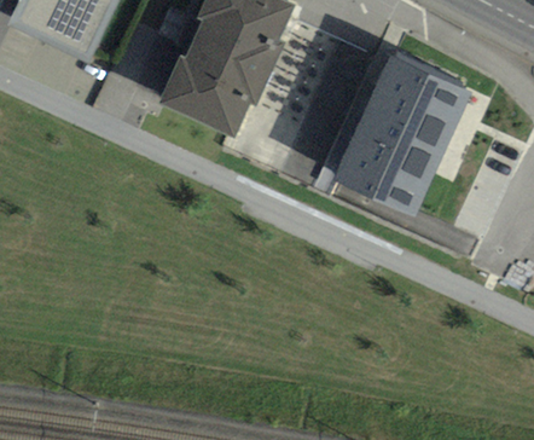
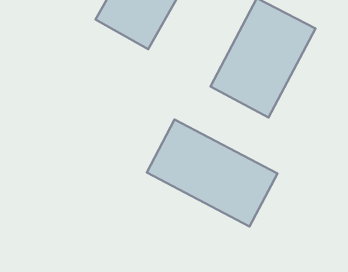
building: none -> [147,119,278,227]

